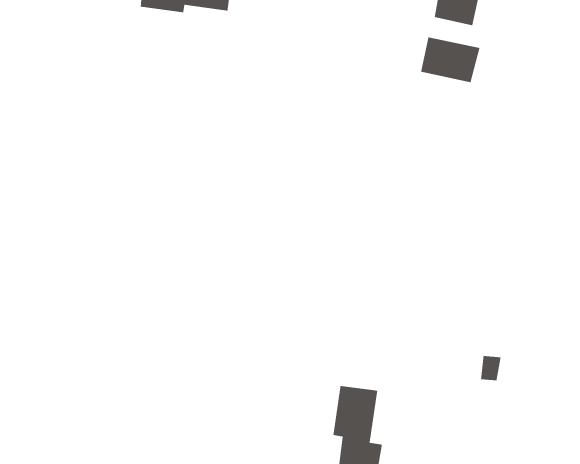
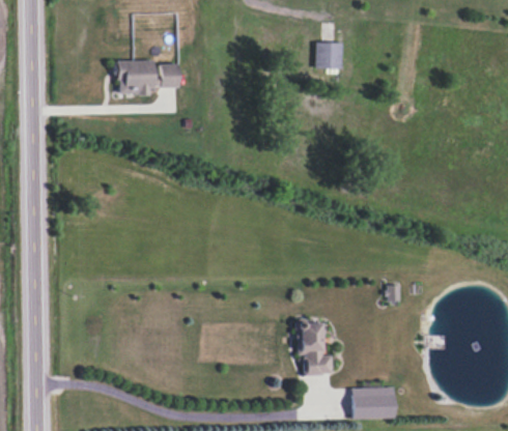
building: [420,36,480,83] -> none

